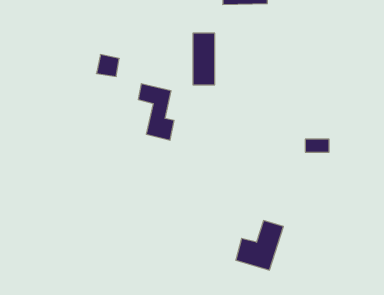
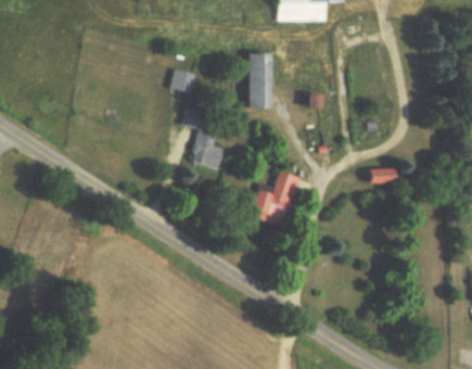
building: [96,55,119,76] -> [174,68,199,92]
building: [236,221,283,270] -> [248,170,301,225]

